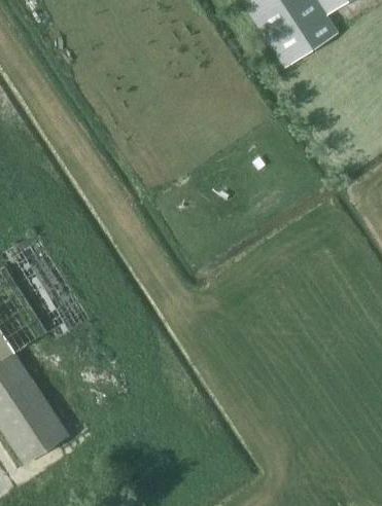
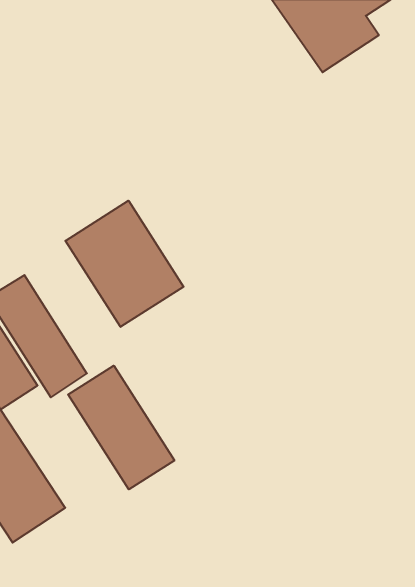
building: none -> [65,201,184,327]
building: none -> [68,366,174,489]

